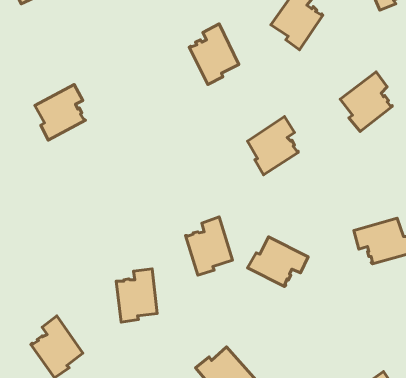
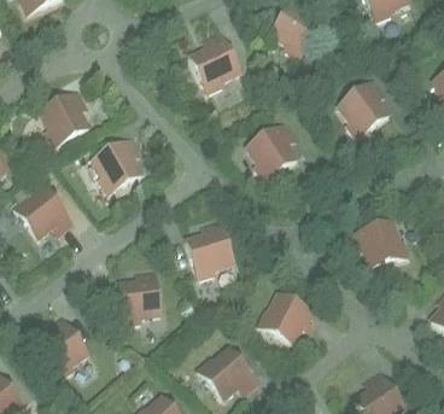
building: none -> [93,138,142,192]
building: none -> [13,186,71,237]
building: [247,237,308,286] -> [257,293,316,342]

